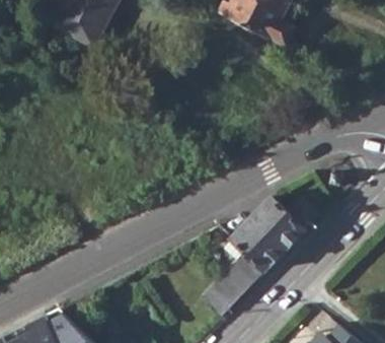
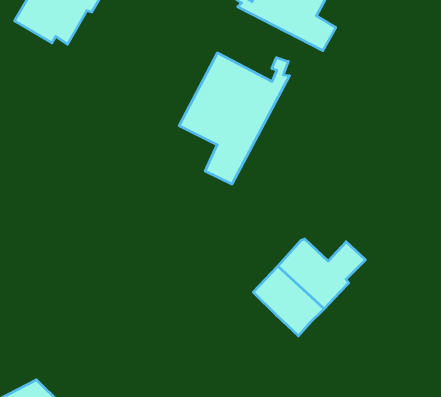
building: none -> [179,53,289,184]
building: [216,257,265,306] -> none

